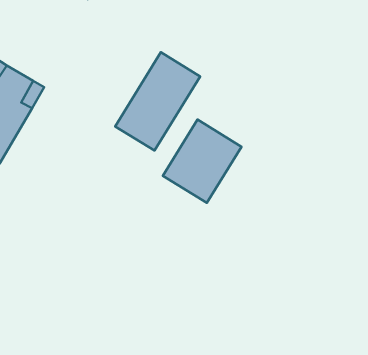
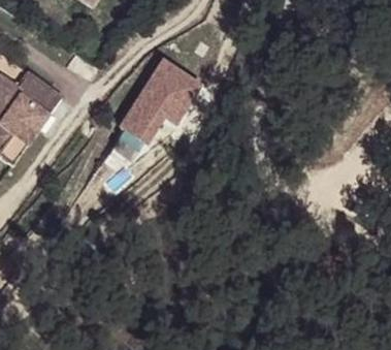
building: [163,120,241,203] -> none

